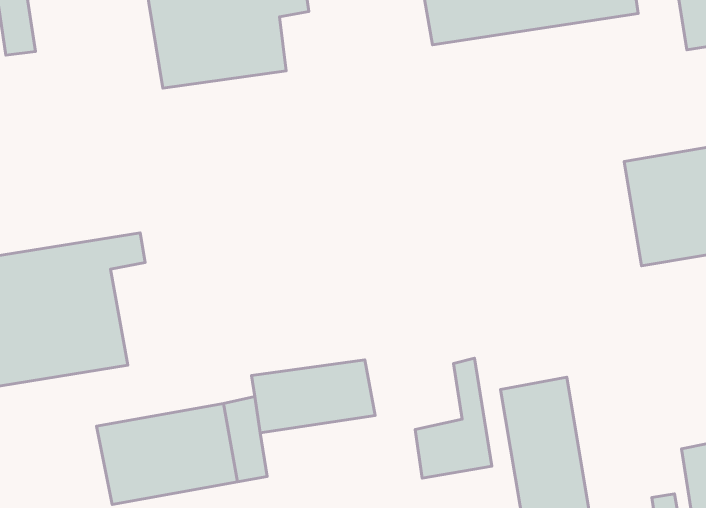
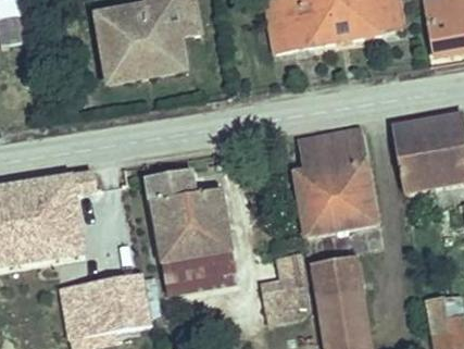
building: none -> [294,129,372,234]
building: none -> [145,169,229,258]

